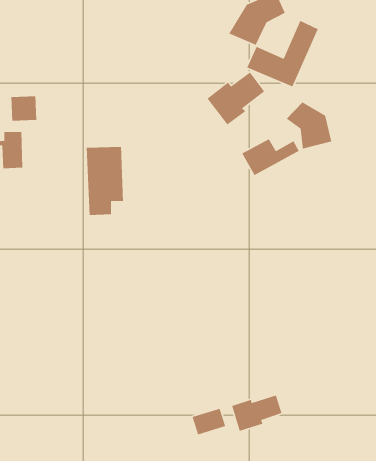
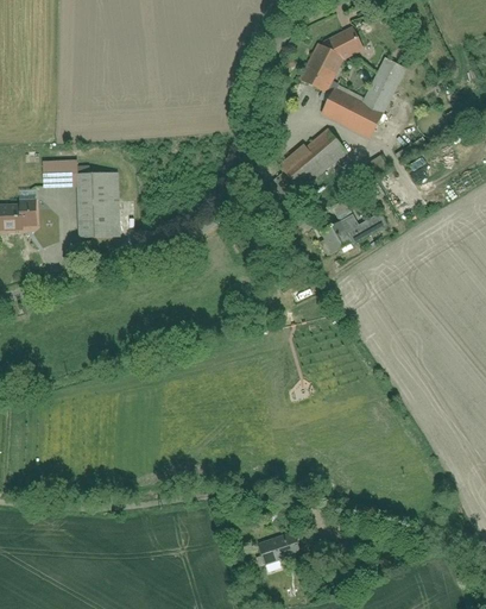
building: [286,101,332,149] -> none
building: [86,146,124,216] -> [74,168,119,251]
building: [231,395,283,432] -> none

